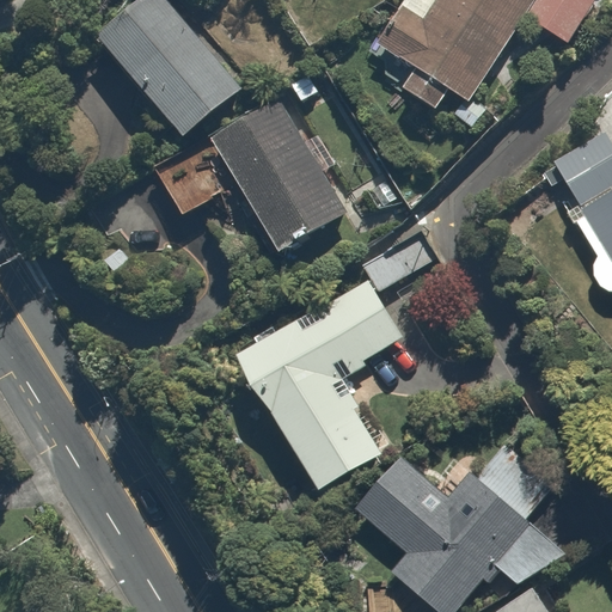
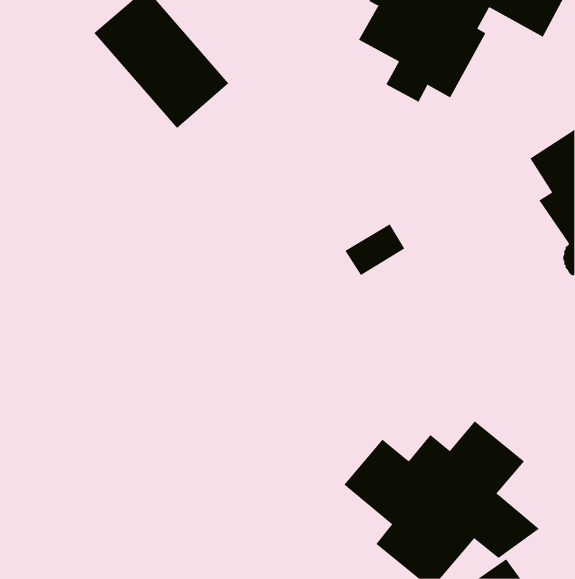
building: [208,97,343,251] -> none
building: [155,146,218,213] -> none
building: [240,279,400,490] -> none

